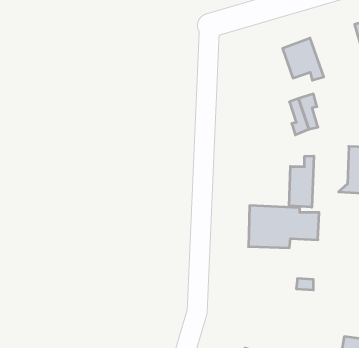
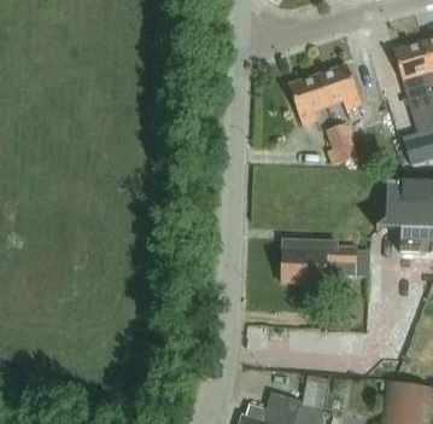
building: none -> [288,74,328,124]
building: [289,156,314,207] -> none

